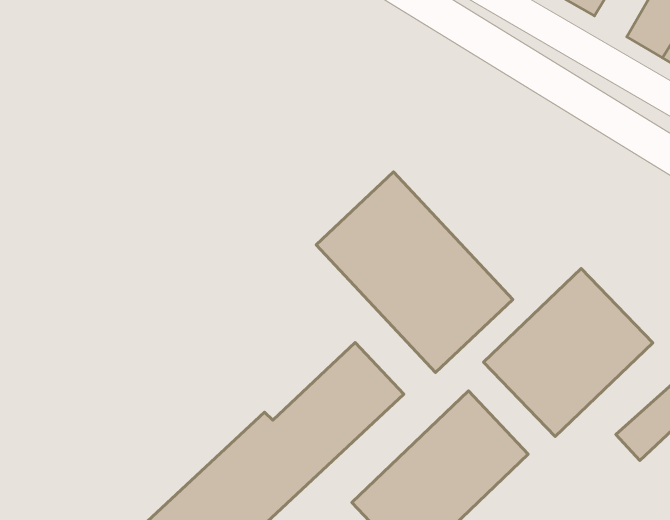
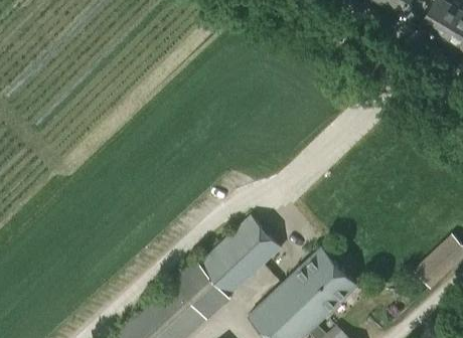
building: [316,172,513,373] -> none
building: [483,269,653,436] -> none

